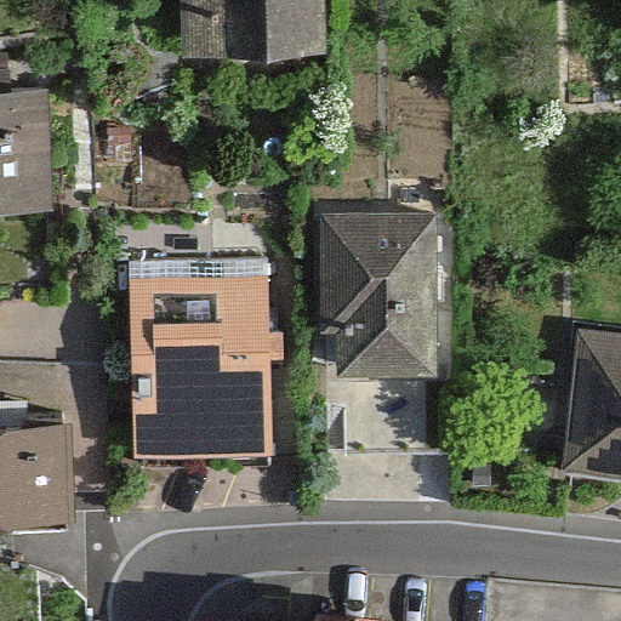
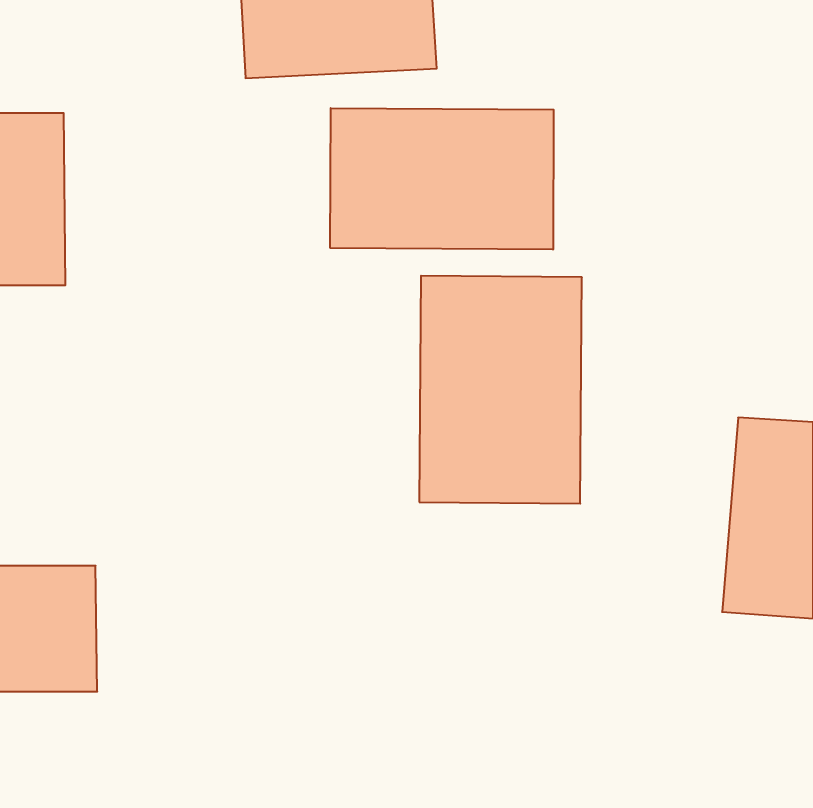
building: none -> [330,108,554,250]
building: [141,278,274,450] -> none

